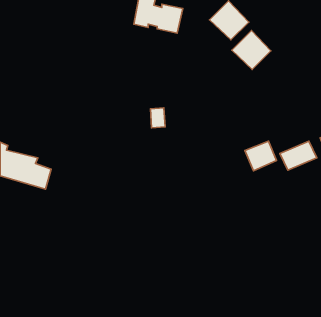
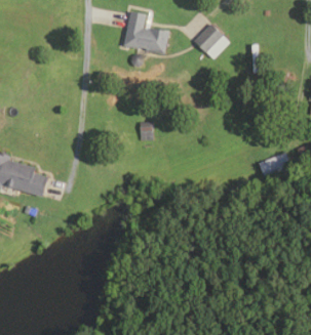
building: [232,31,271,69] -> none
building: [245,141,277,171] -> none

